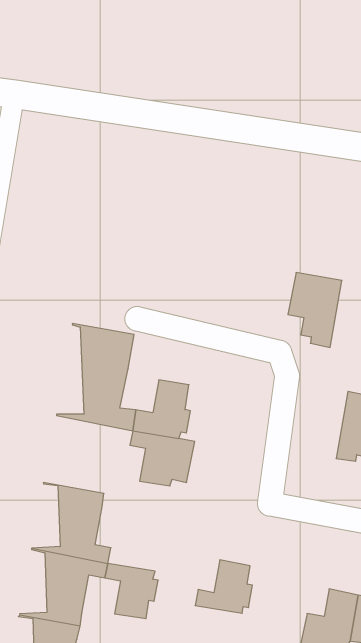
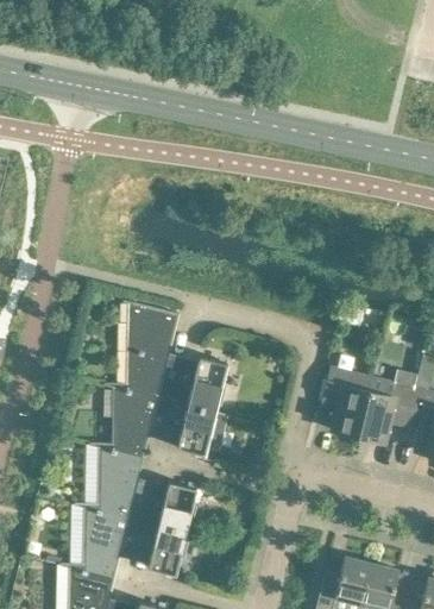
building: [288,273,342,347] -> [317,368,369,438]
building: none -> [86,384,170,458]
building: [195,560,252,613] -> [140,482,194,532]

